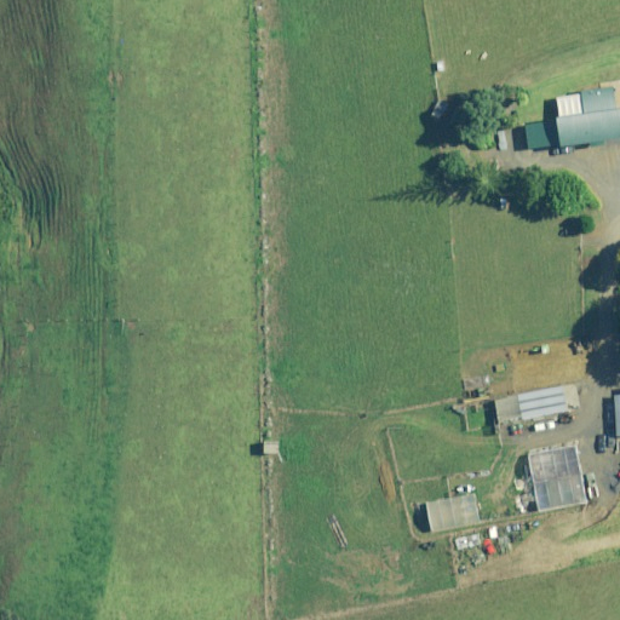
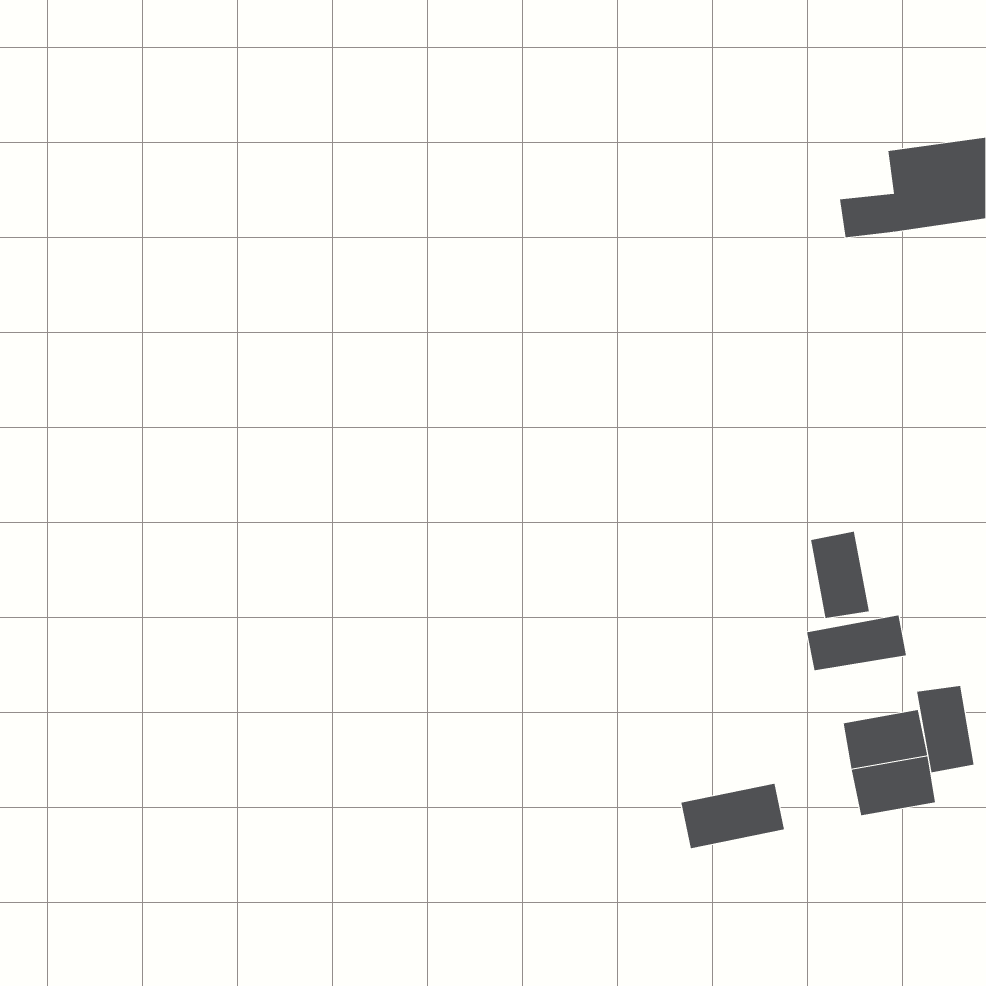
building: none -> [811,531,870,619]
building: none -> [917,685,974,773]

